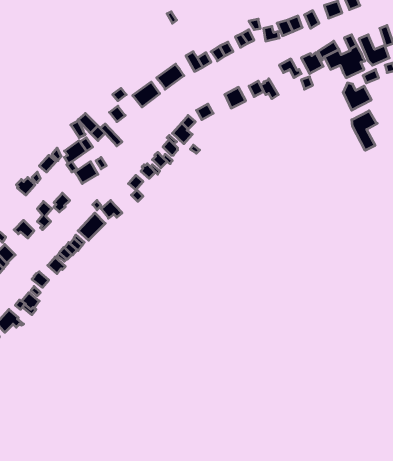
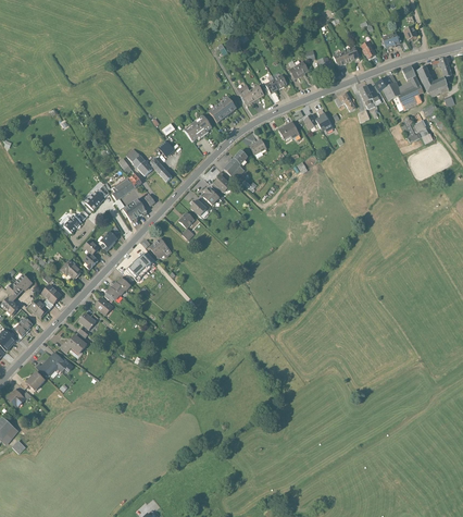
building: [352,111,377,150] -> none

